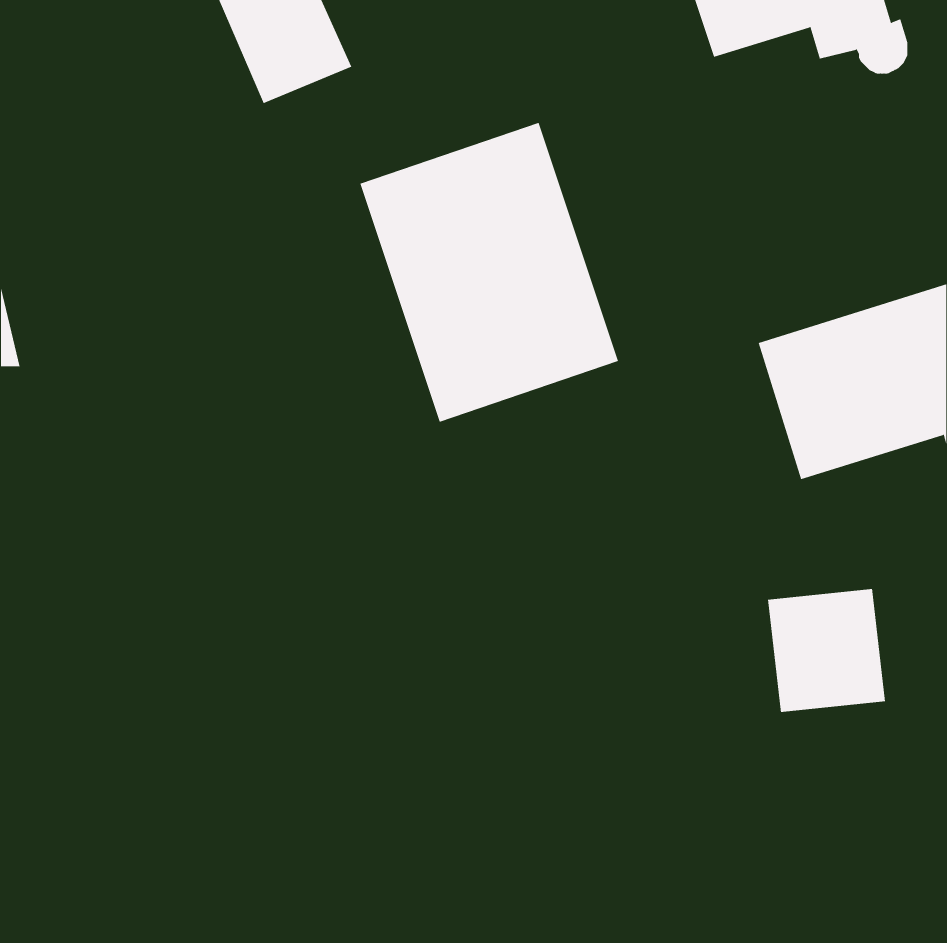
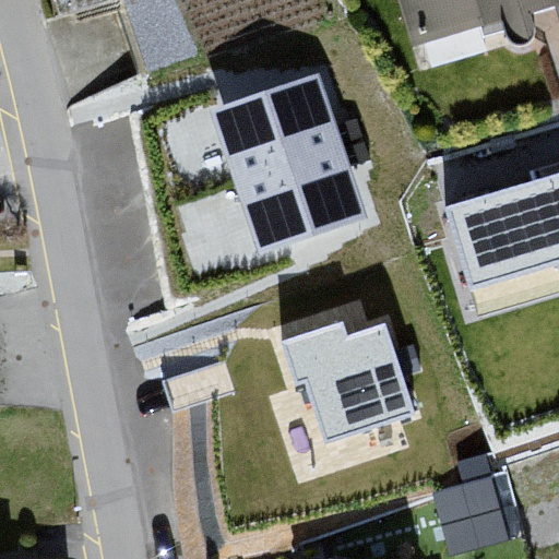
building: none -> [281,299,425,459]
building: [767,589,886,713] -> [440,472,510,545]

